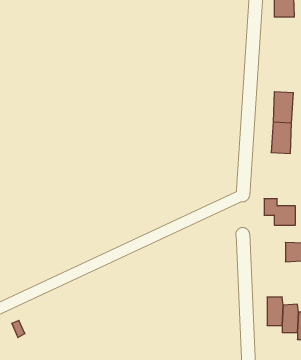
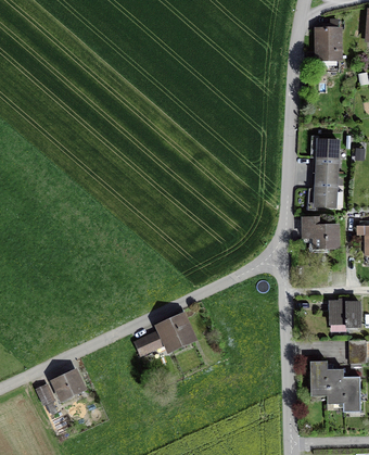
building: [264,199,295,225] -> [304,218,338,247]
building: none -> [137,318,190,354]
building: none -> [53,370,84,399]

